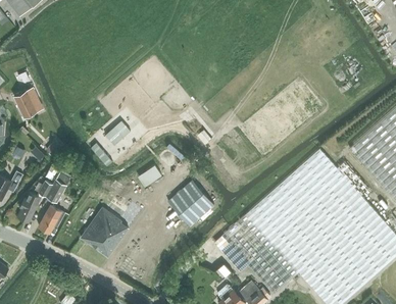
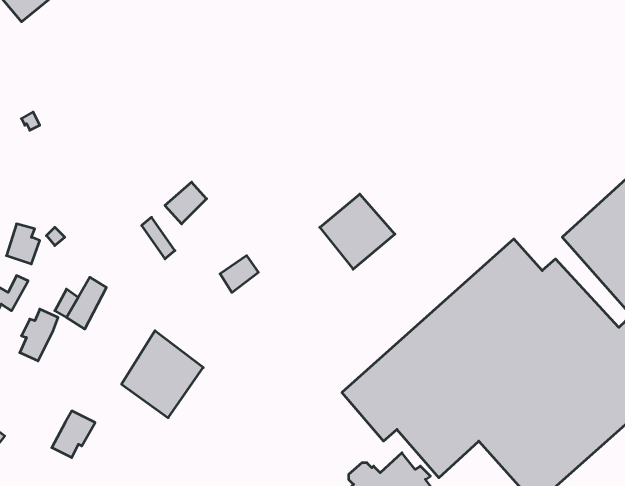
building: [13,87,39,117] -> none
building: [168,180,214,225] -> [320,194,395,269]
building: [38,204,64,233] -> [52,411,95,458]

